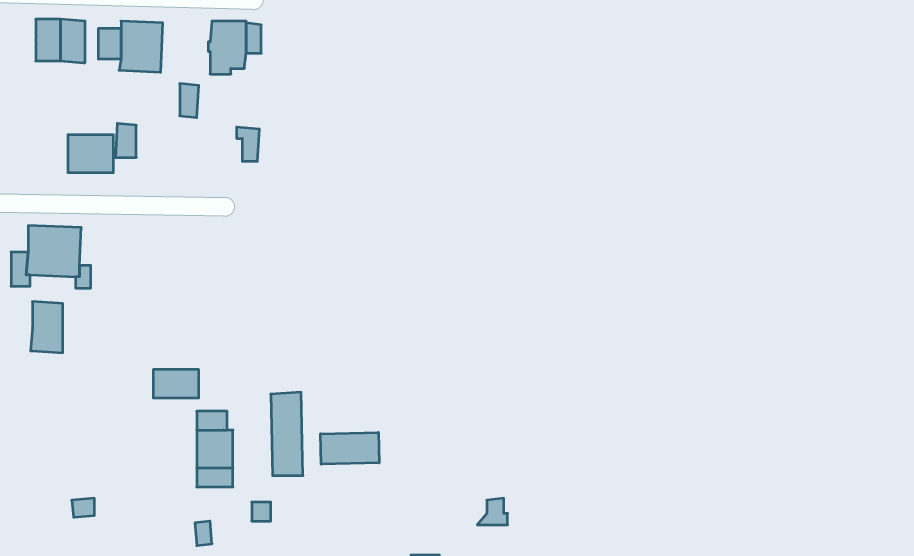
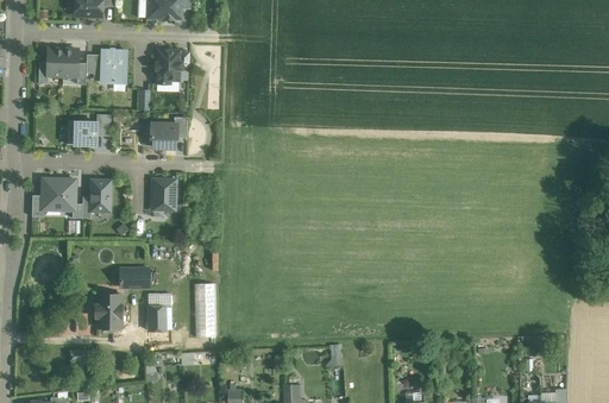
building: none -> [150,124,176,147]
building: none -> [151,180,175,210]
building: [31,302,63,353] -> [89,180,109,212]
building: none -> [94,294,120,327]
building: [321,432,379,464] -> none

